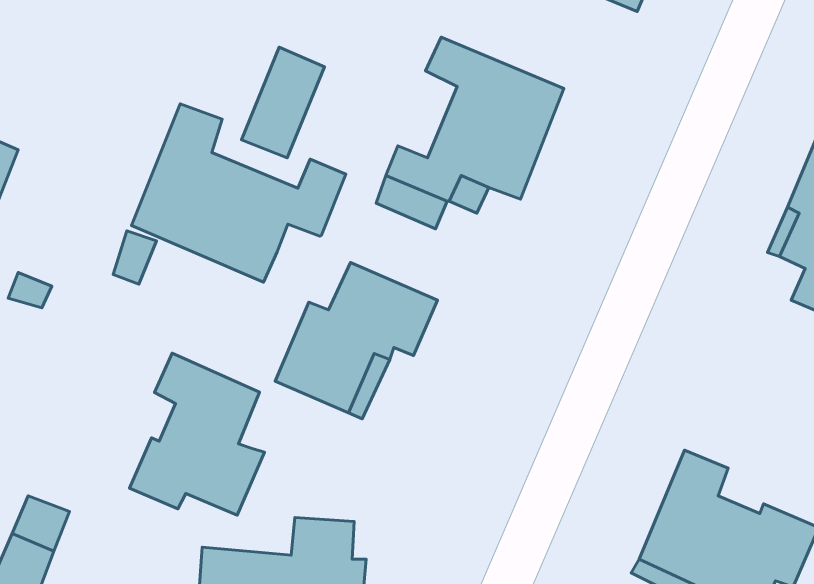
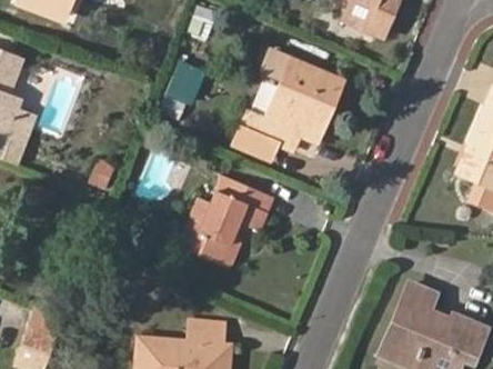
building: [132,104,346,282] -> none
building: [130,353,265,515] -> none

